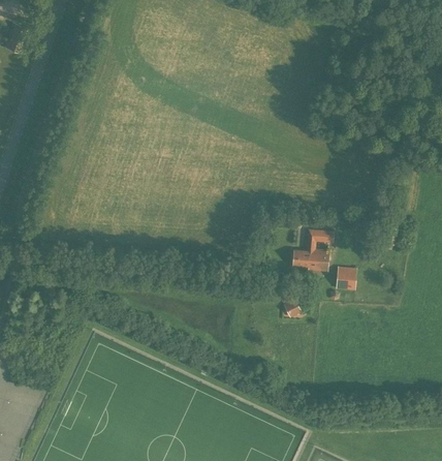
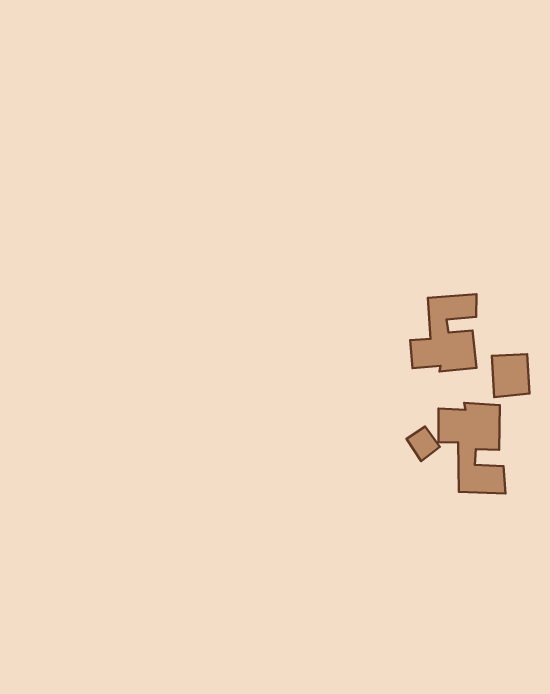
building: none -> [438,403,506,493]

